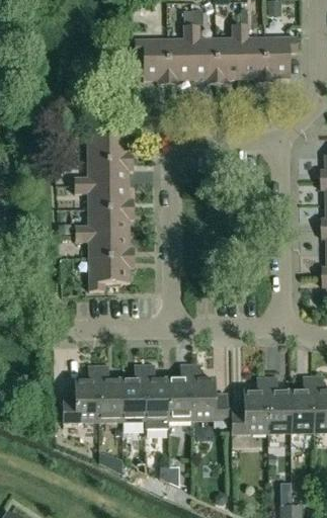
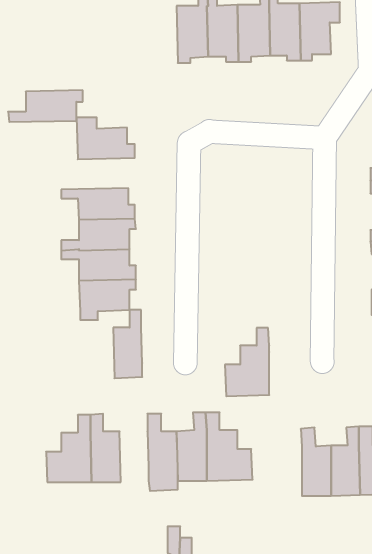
building: [134,39,167,85] -> none
building: [73,161,133,186] -> [8,90,83,122]
building: [120,365,144,420] -> [113,310,142,378]
building: [231,377,266,432] -> [225,328,269,396]

